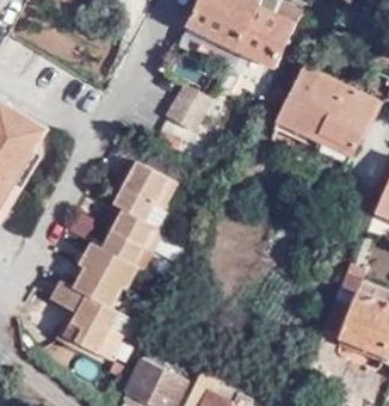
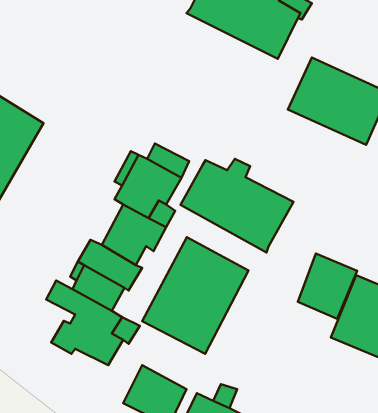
building: [162,82,212,134] -> none
building: none -> [181,159,293,253]
building: none -> [142,237,249,354]
building: none -> [298,254,357,319]

